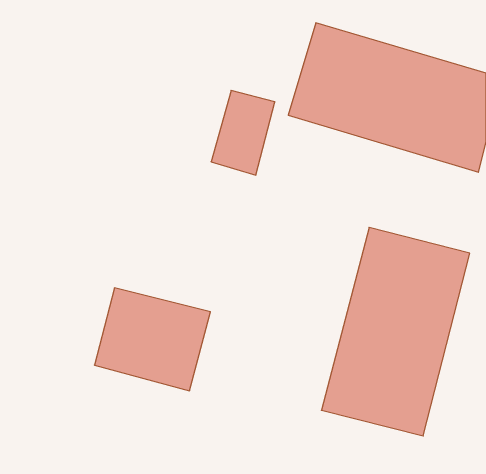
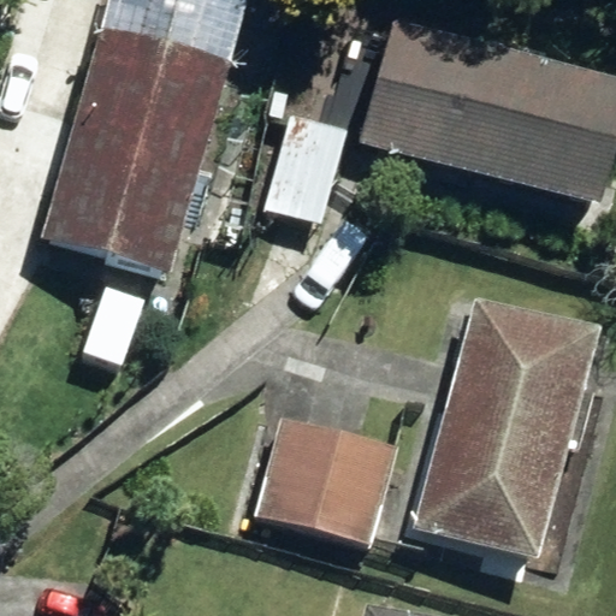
building: none -> [46,31,232,276]
building: [94,288,210,391] -> [249,408,396,538]

